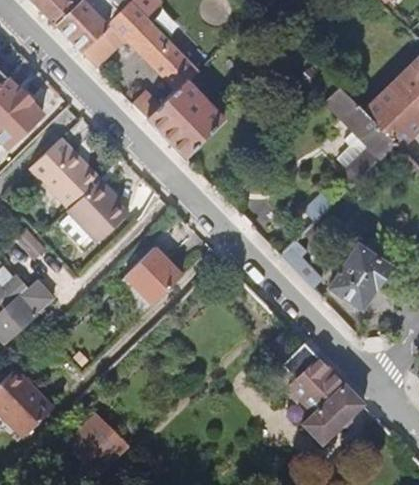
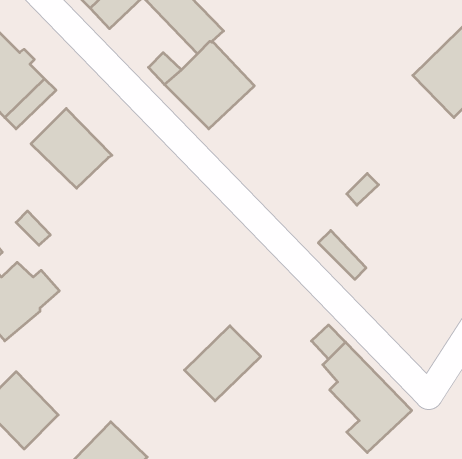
building: [326,87,397,186] -> none
building: [61,181,128,244] -> none
building: [329,243,390,307] -> none
building: [116,248,183,314] -> [184,326,261,401]

